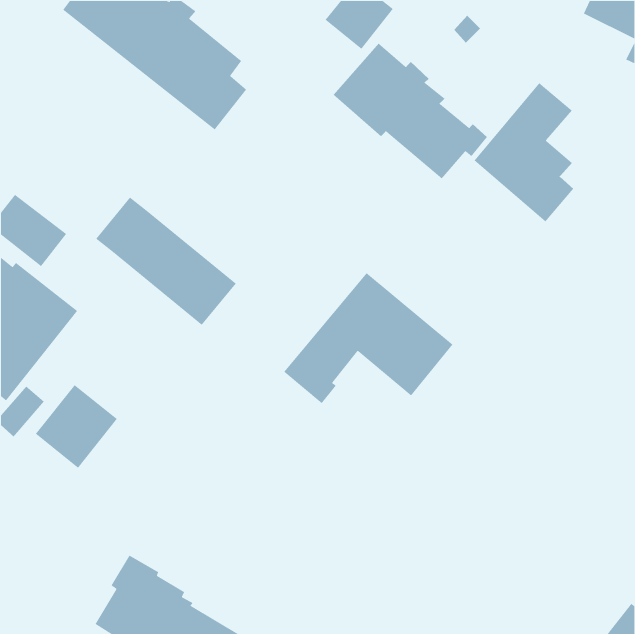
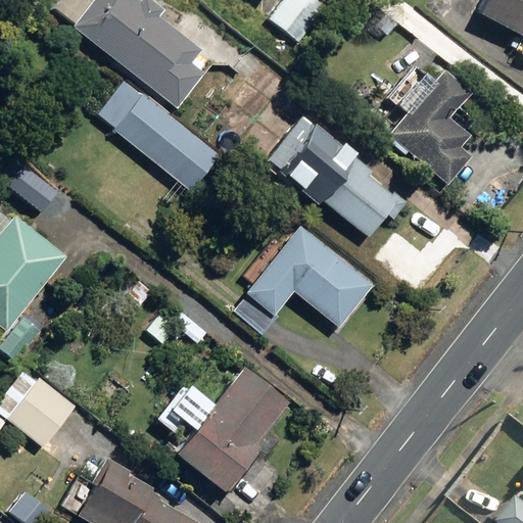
building: [332,43,488,179] -> [279,125,407,237]
building: [95,197,237,326] -> [98,82,215,188]
building: [35,384,118,469] -> [5,376,74,445]
building: none -> [176,366,287,488]

